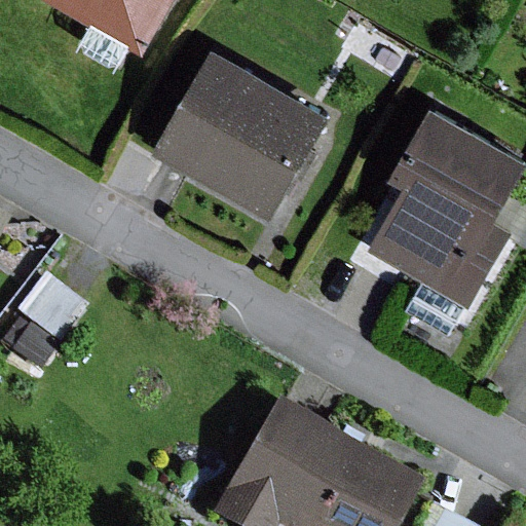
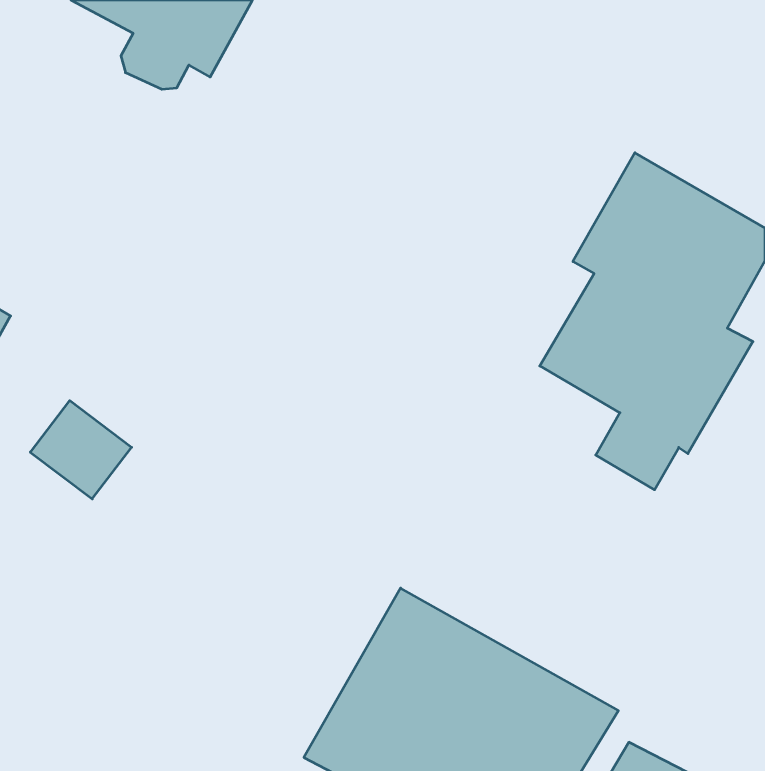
building: [151,47,331,221] -> none

